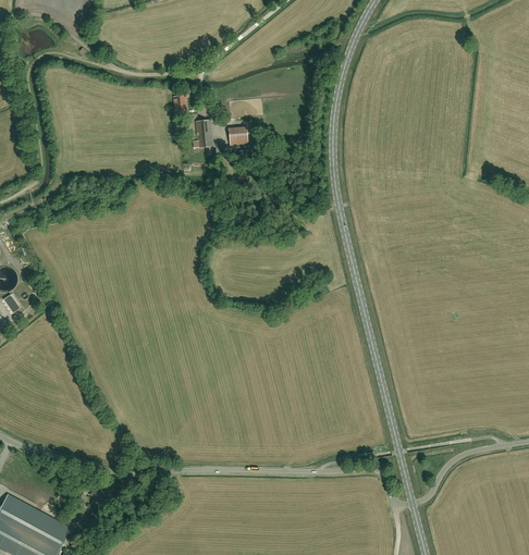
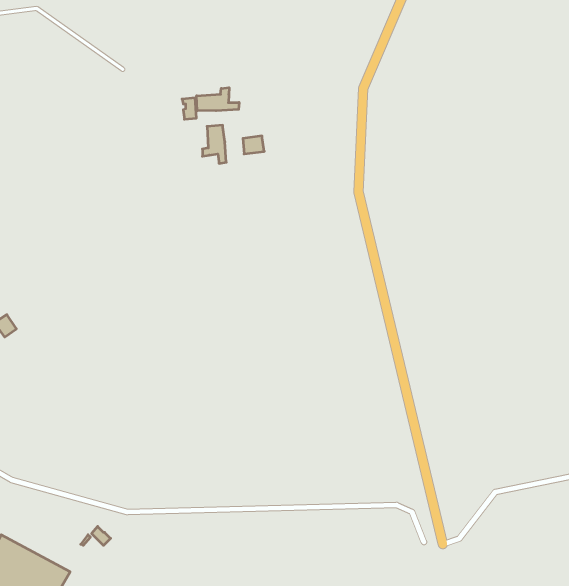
building: none -> [197,88,239,111]

